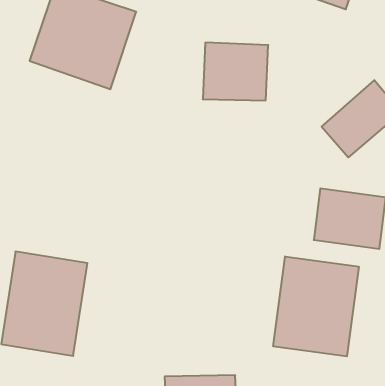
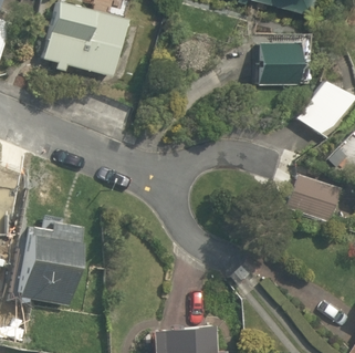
building: [203,43,268,100] -> [253,34,310,84]
building: [273,256,359,356] -> none

